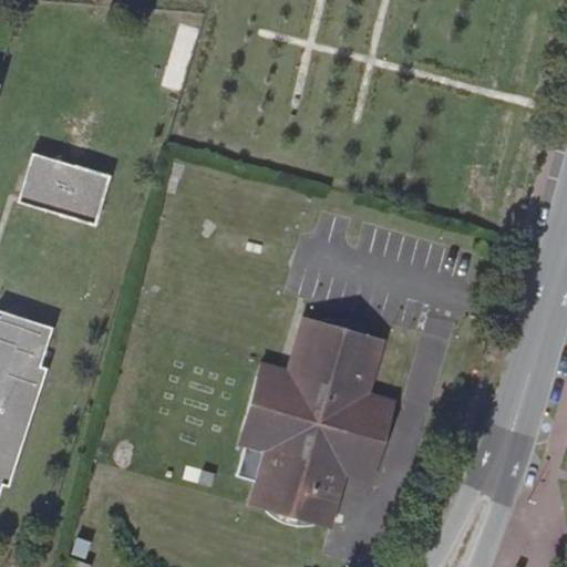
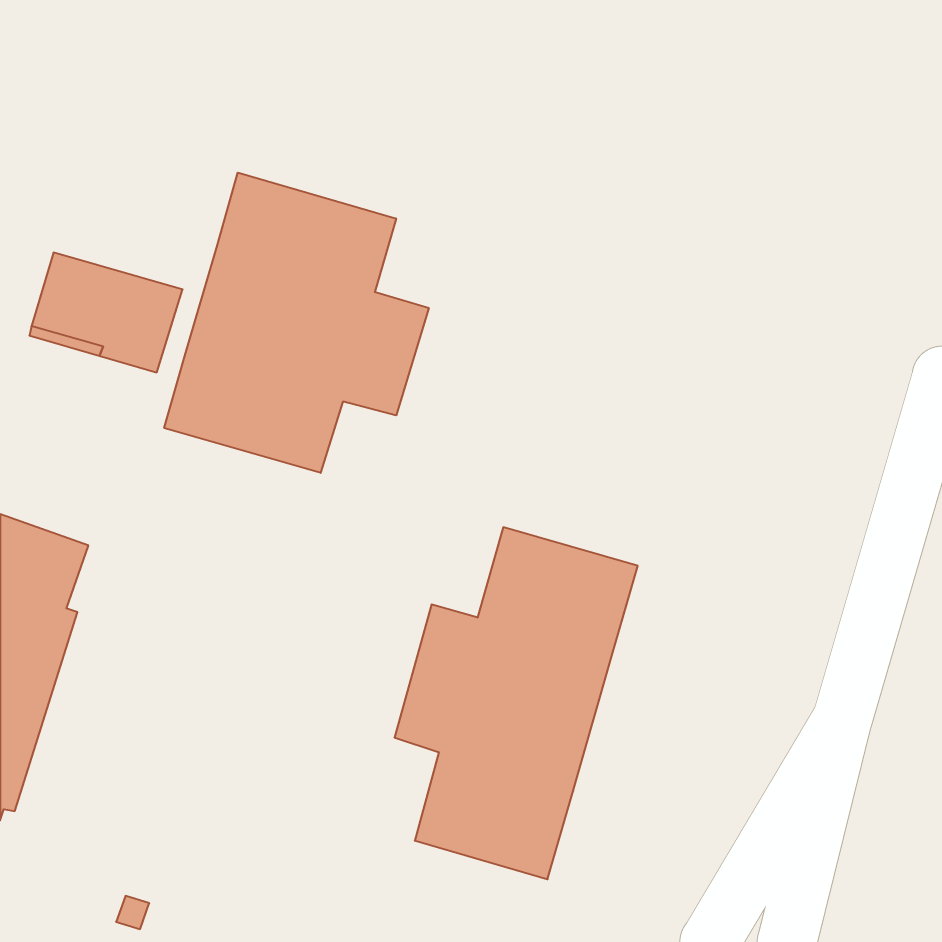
building: none -> [164,173,429,473]
building: [344,393,393,482] -> none

